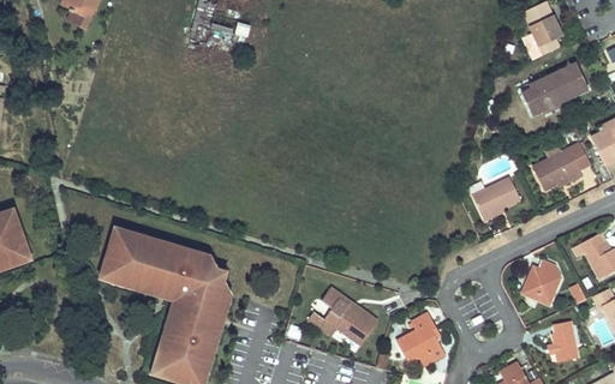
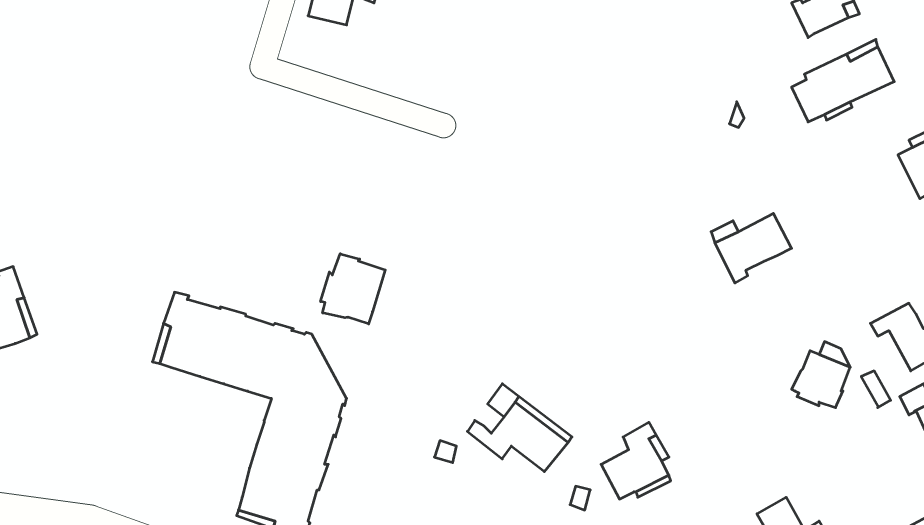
building: [532,148,583,190] -> none
building: none -> [321,254,385,324]
building: [548,320,578,361] -> none

